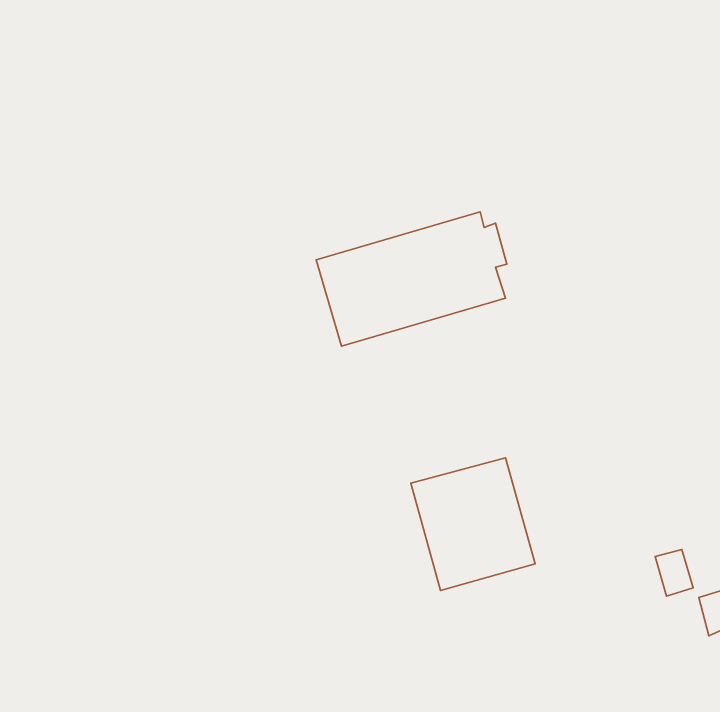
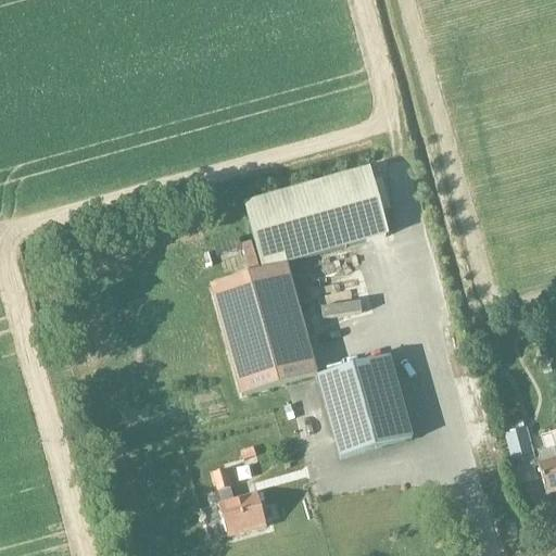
building: none -> [210,261,317,393]
building: none -> [213,464,266,531]

